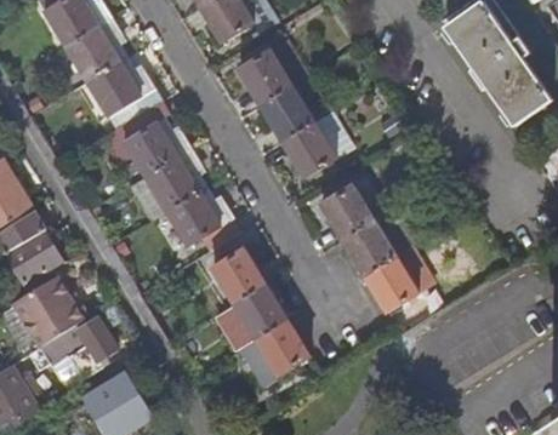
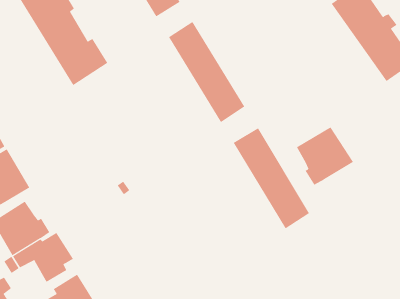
building: [124,115,239,251] -> none
building: none -> [296,126,353,185]
building: [212,247,309,385] -> none

